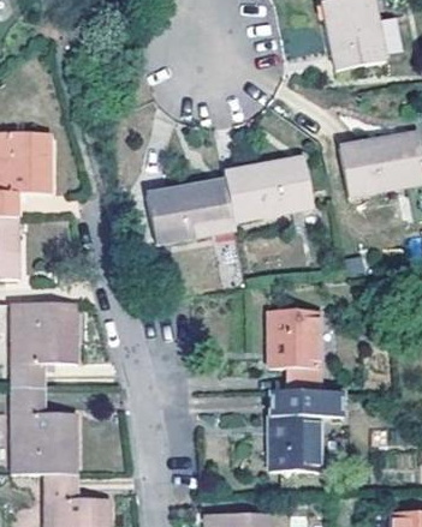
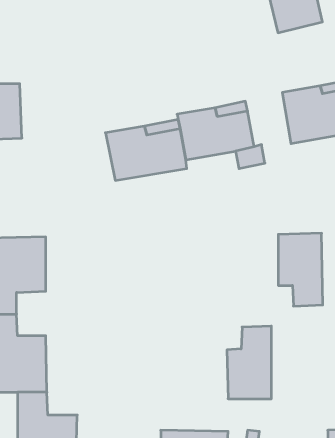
building: [277,322,326,402] -> [278,233,323,306]

